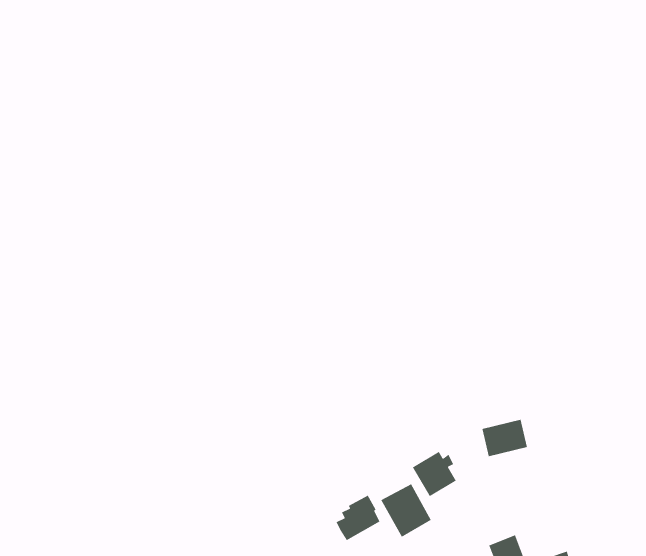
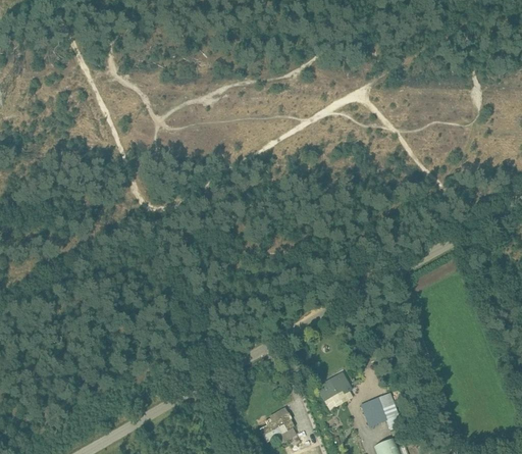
building: [481,419,528,457] -> [362,393,397,421]
building: [380,483,432,538] -> none

